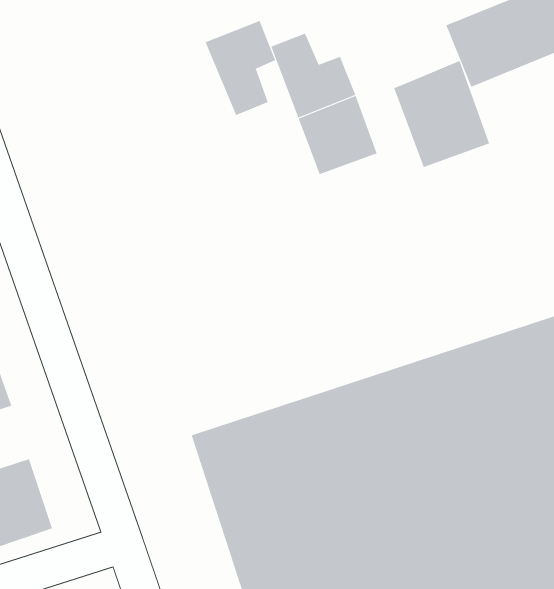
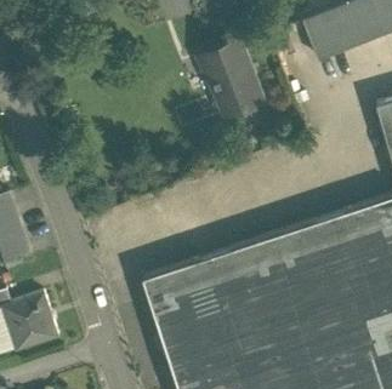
building: [205,20,276,116] -> none
building: [393,60,490,168] -> none

